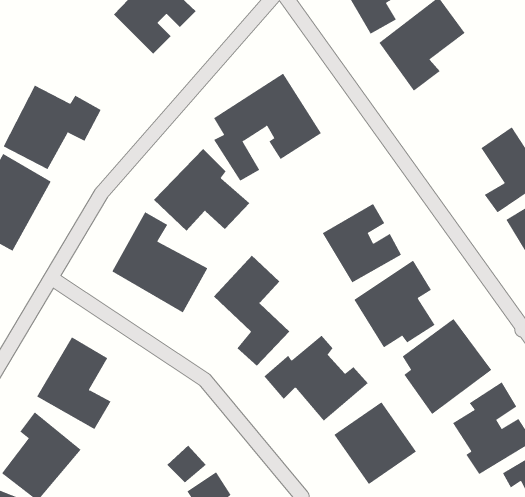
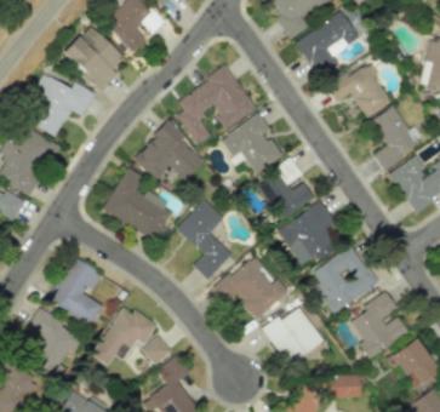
building: none -> [64,25,125,90]
building: none -> [327,58,392,118]
building: none -> [222,111,282,172]
building: none -> [92,307,158,365]

